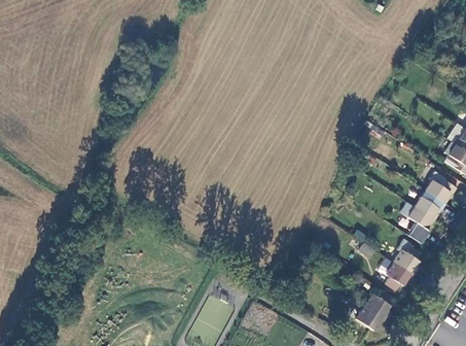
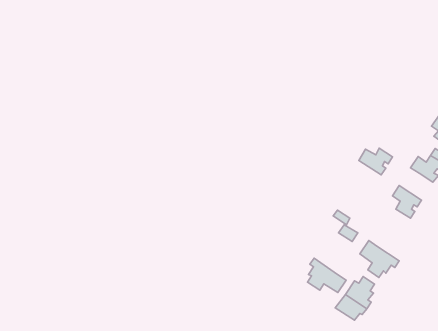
building: [414,196,444,220] -> [359,148,392,175]
building: [393,247,420,276] -> none
building: none -> [307,258,346,293]

